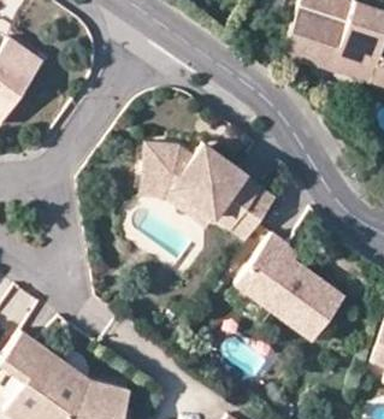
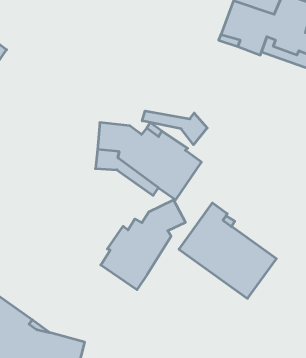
building: none -> [142,111,207,145]
building: none -> [101,200,185,290]

